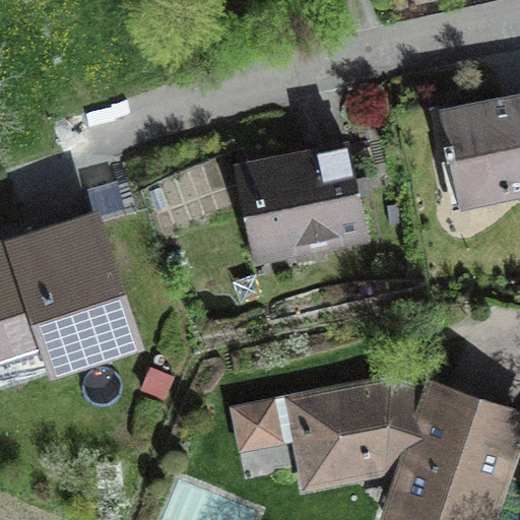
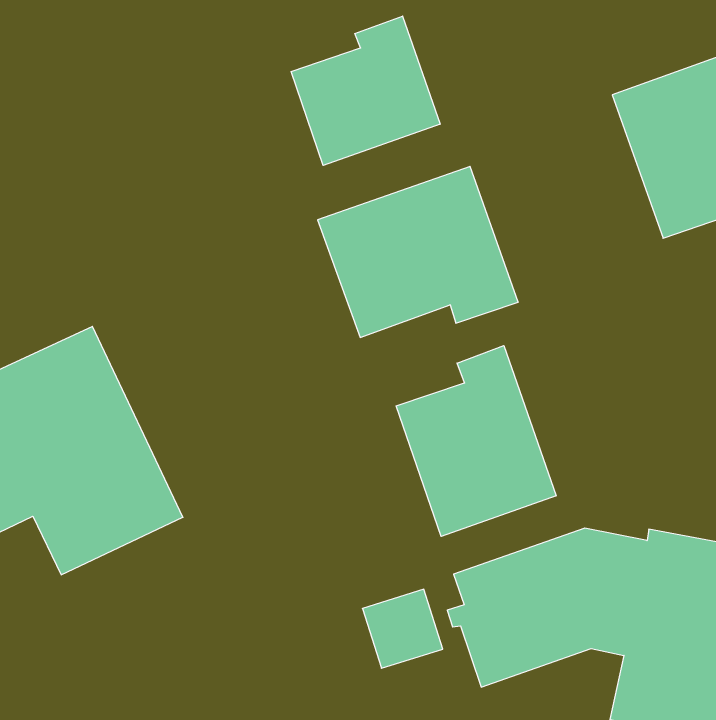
building: none -> [291,16,440,165]
building: none -> [396,346,556,536]

